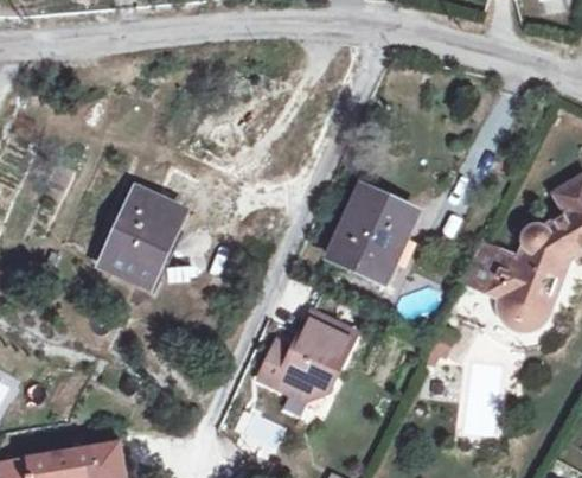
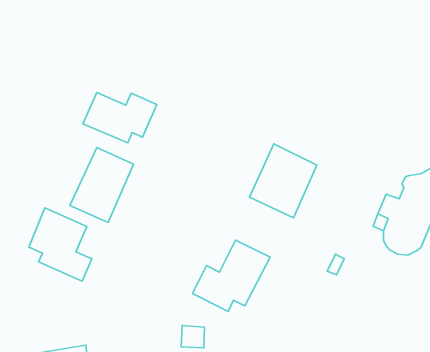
building: none -> [83,93,157,143]
building: none -> [29,208,92,281]

